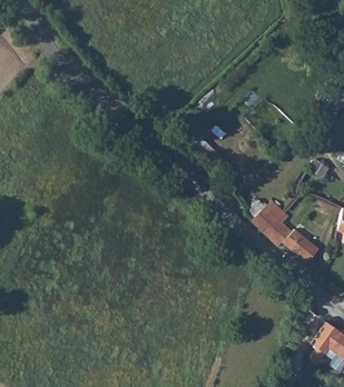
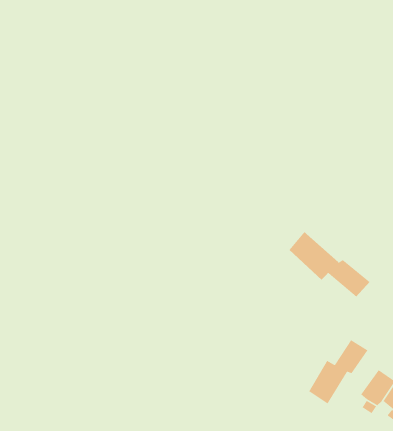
building: none -> [308,339,368,404]

